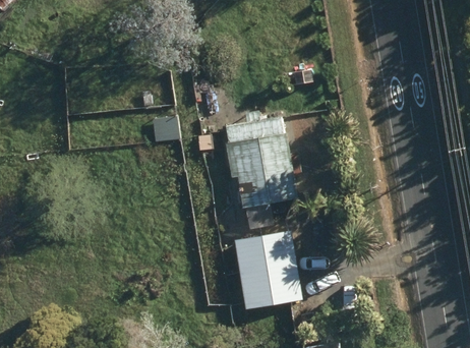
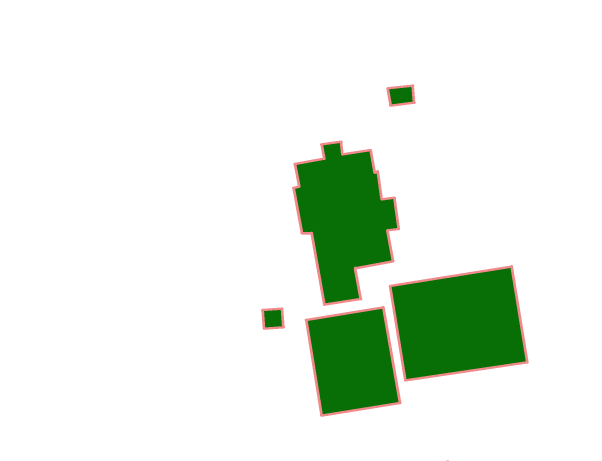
building: none -> [390,266,527,380]

